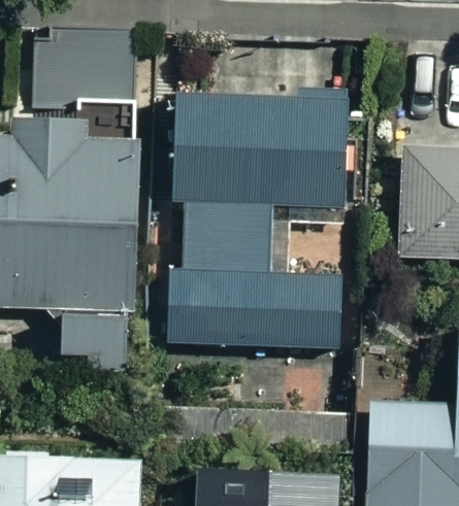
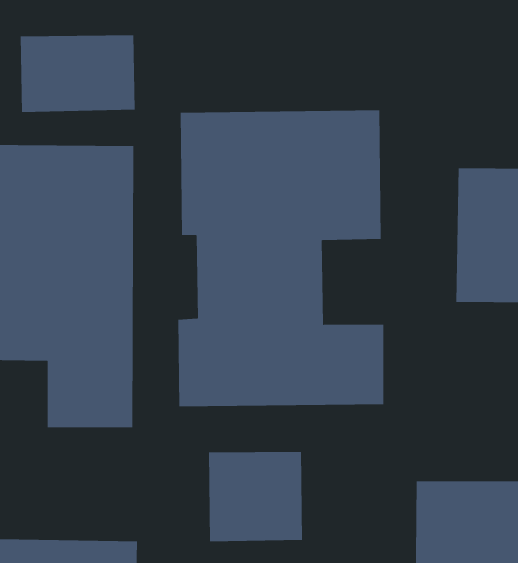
building: none -> [208,451,302,542]

